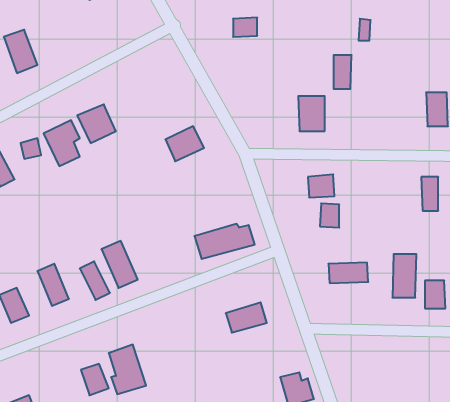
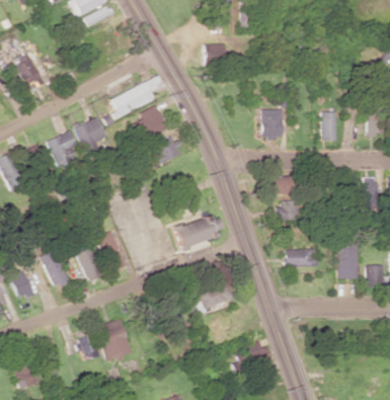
building: [334,55,352,89] -> [321,111,336,140]
building: none -> [109,76,164,116]
building: none -> [131,106,166,140]

